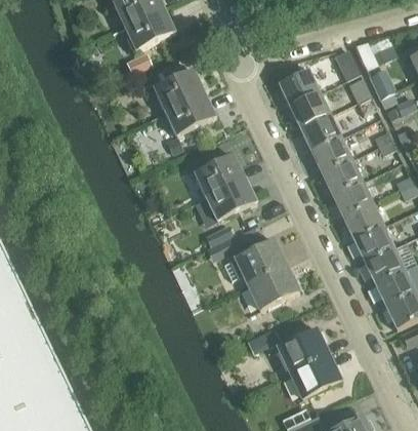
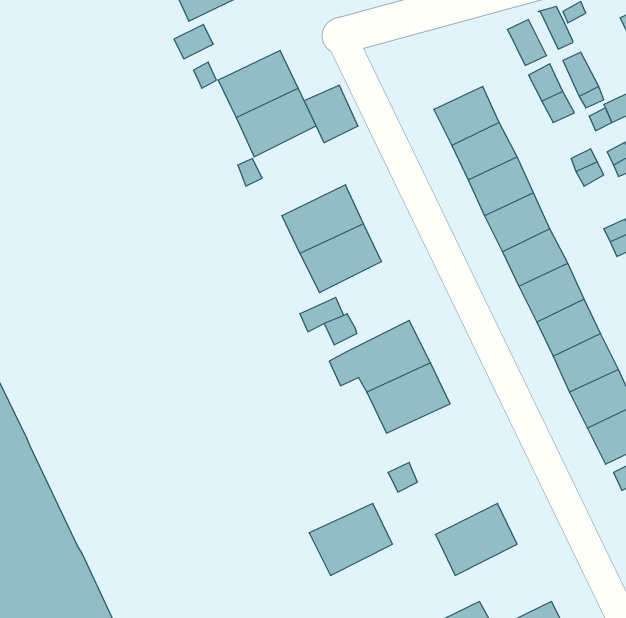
building: [279,69,320,106] -> none
building: none -> [304,85,358,143]
building: [277,327,329,373] -> [309,503,392,575]

